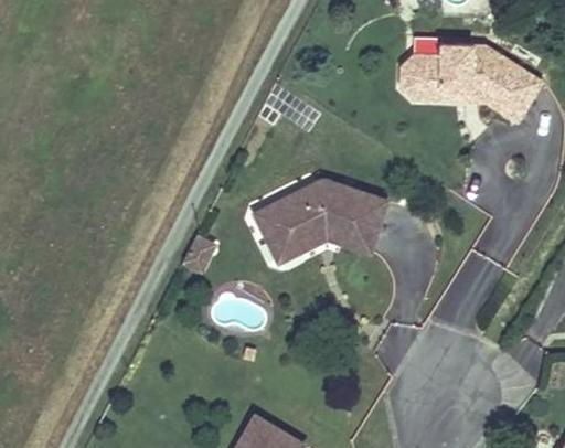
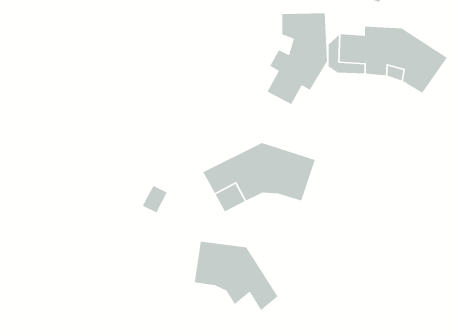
building: none -> [266,13,328,105]
building: none -> [194,241,278,311]

